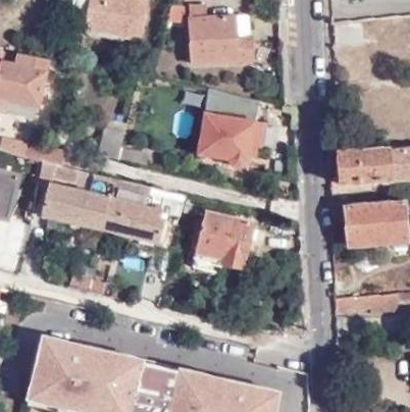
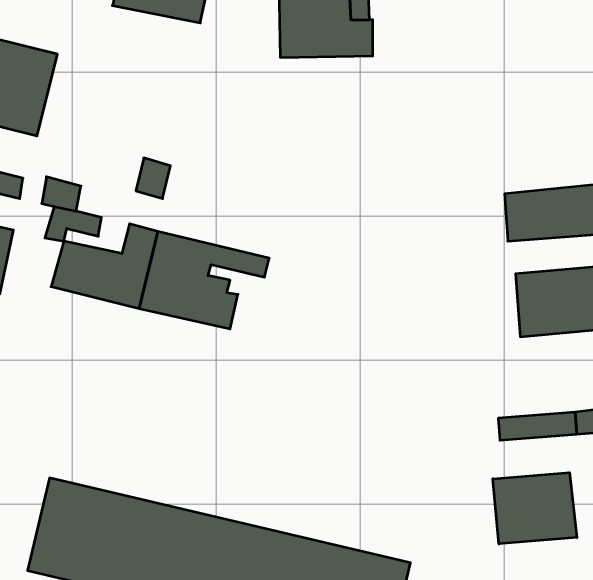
building: [196,89,256,162] -> none
building: [192,210,255,270] -> none
building: none -> [493,473,577,544]

